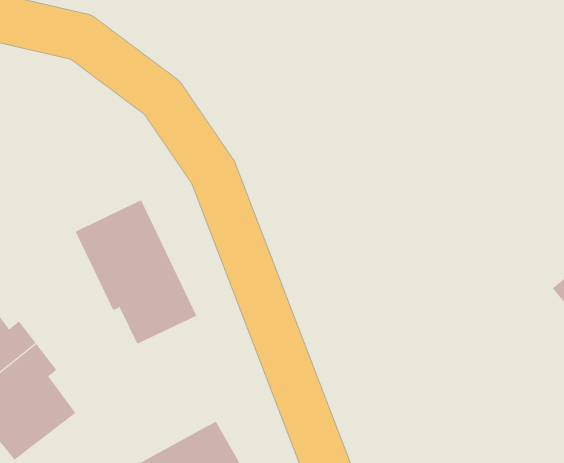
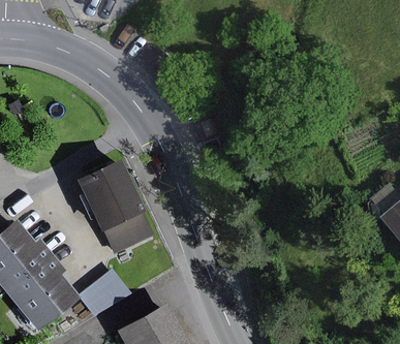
building: none -> [80,270,125,314]

